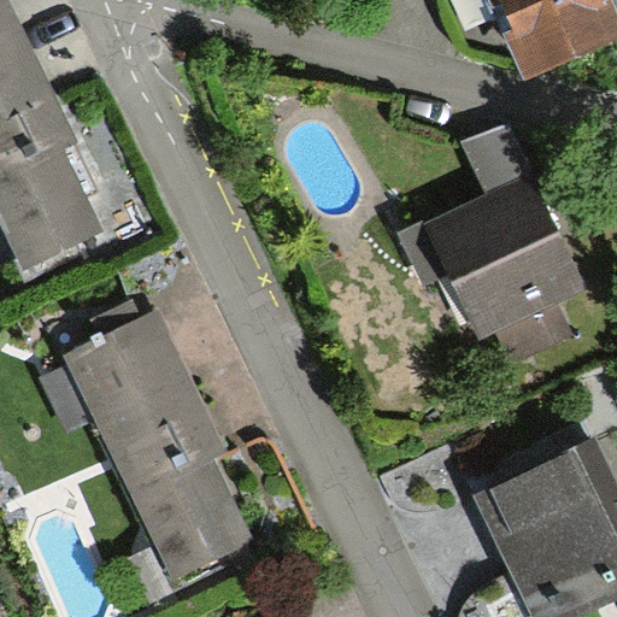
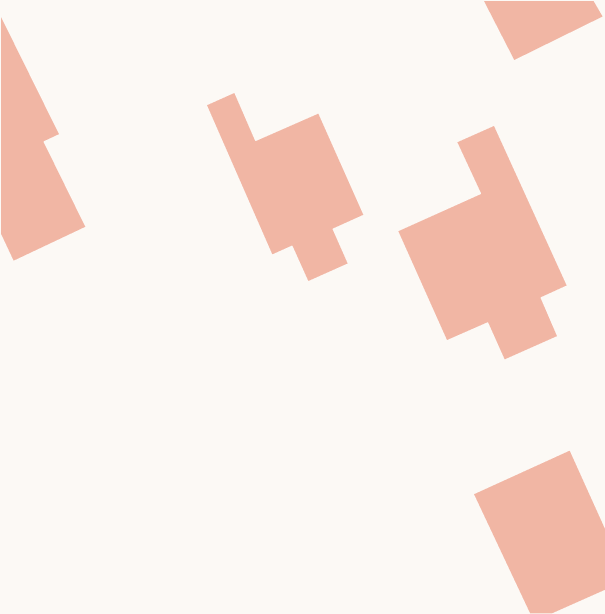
building: none -> [206,92,364,282]
building: [49,306,248,575] -> none

